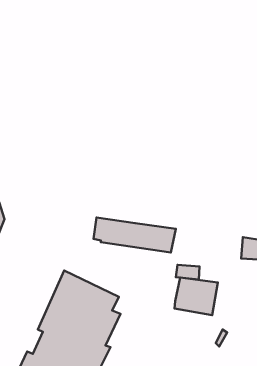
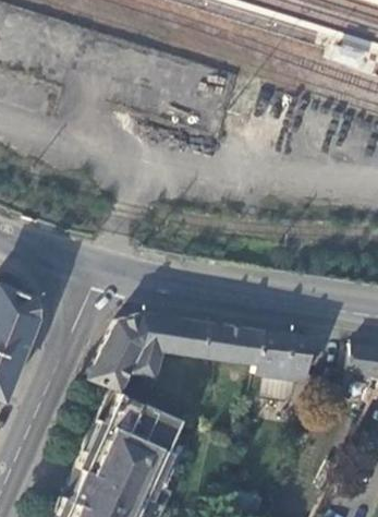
building: none -> [88,313,162,387]
building: [174,278,218,315] -> [255,332,313,382]

